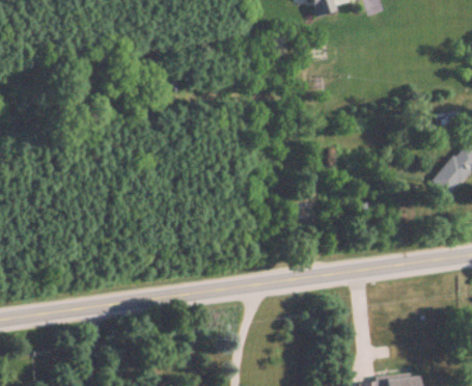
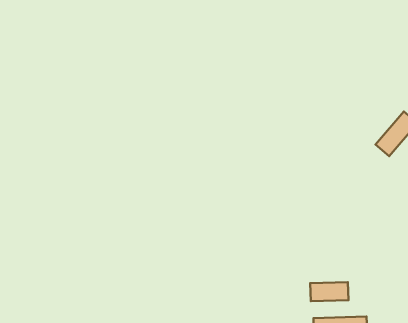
building: none -> [310,282,348,301]

